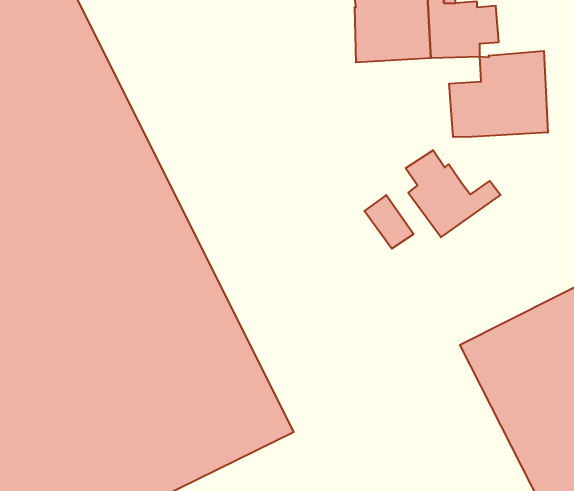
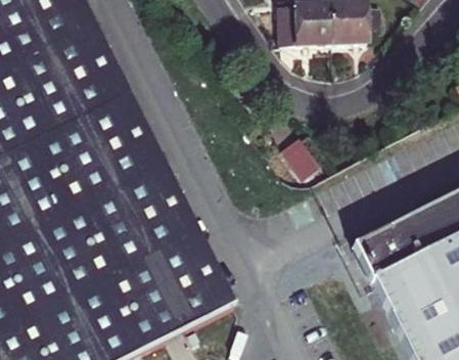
building: [449,51,548,137] -> none
building: [406,150,501,237] -> none

